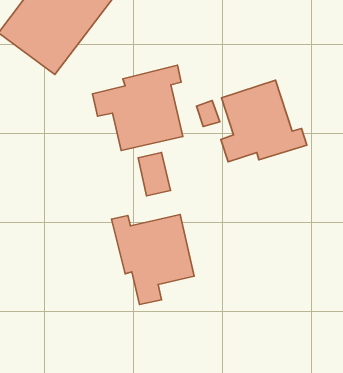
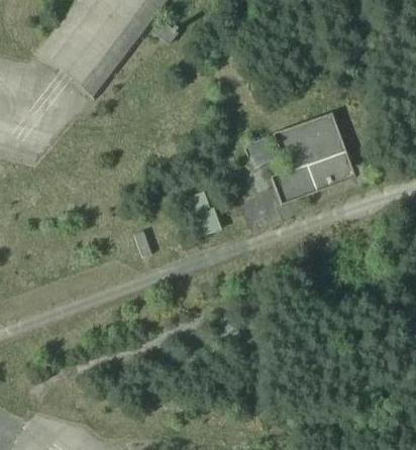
building: [92,65,183,151] -> none
building: [111,215,194,305] -> none

